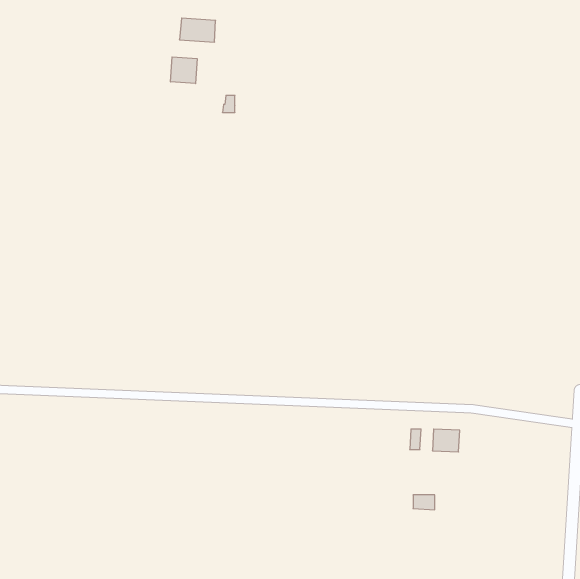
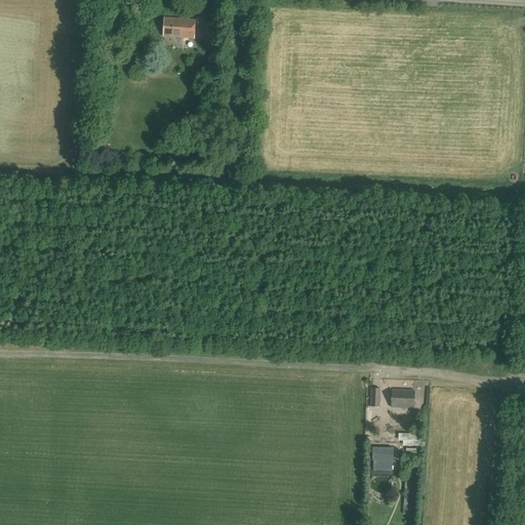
building: [171,57,197,84] -> none

